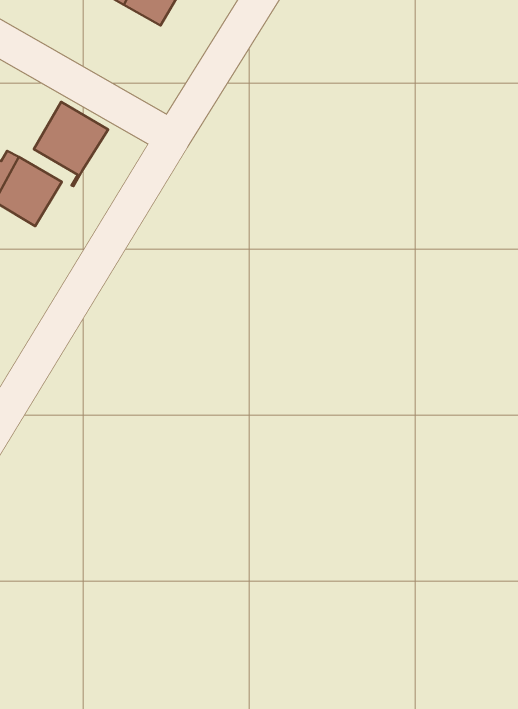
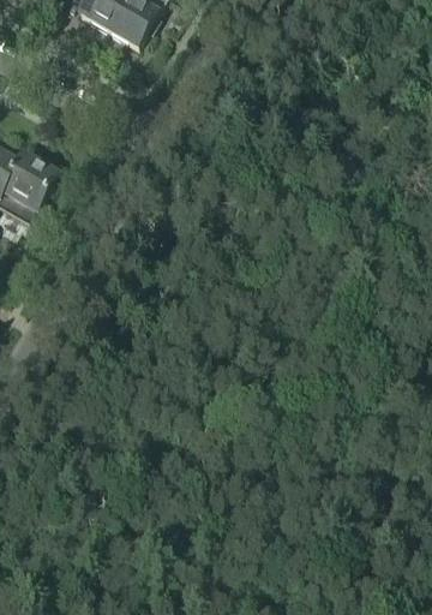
building: [34,102,108,186] -> none

